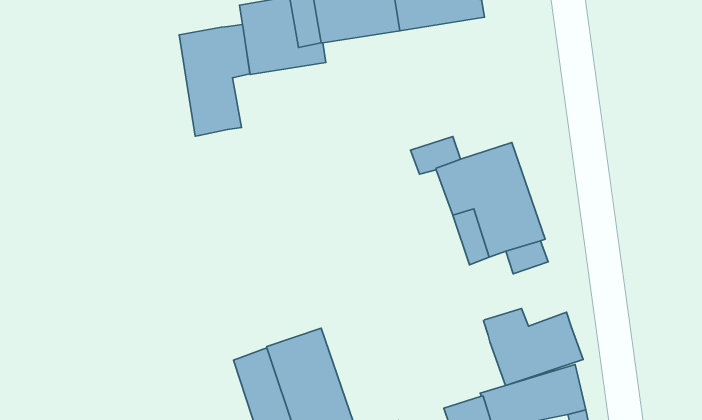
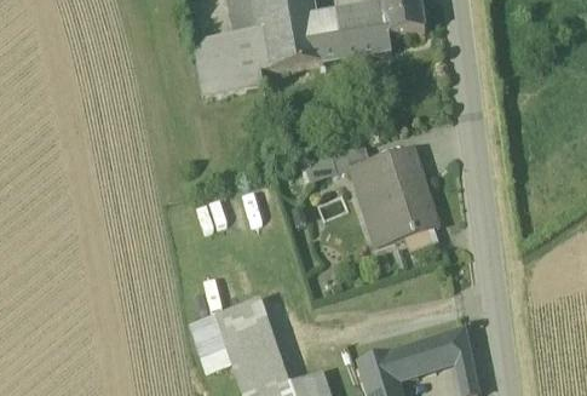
building: [179,24,250,136] -> none
building: [484,308,583,386] -> none

